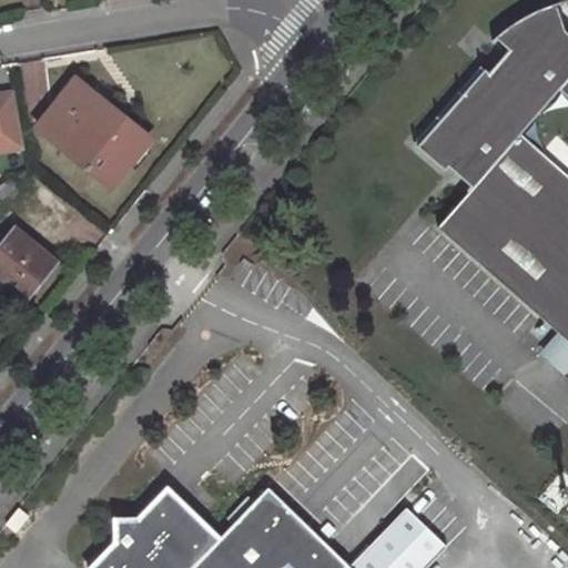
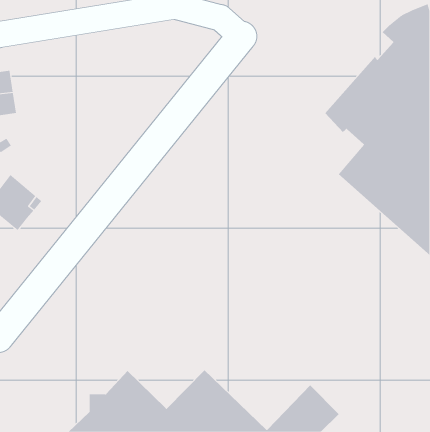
building: [34,79,151,189] -> none

